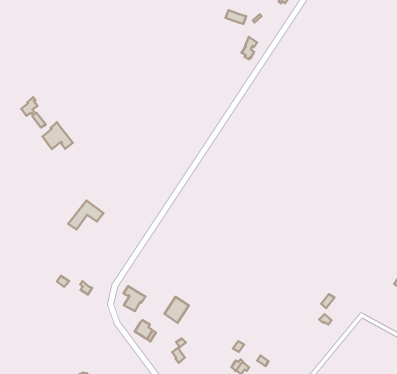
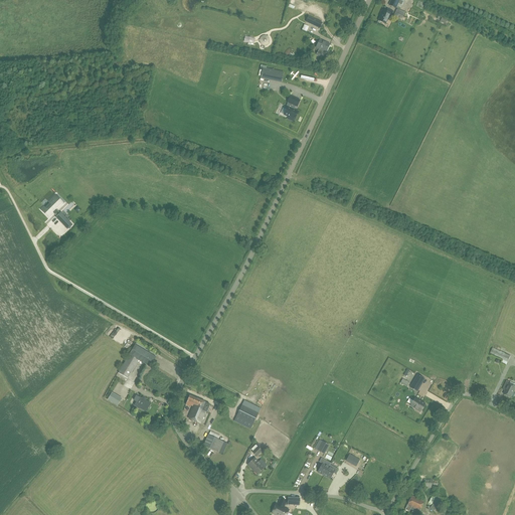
building: [43,122,73,149] -> none
building: [68,200,103,229] -> [118,344,156,378]

